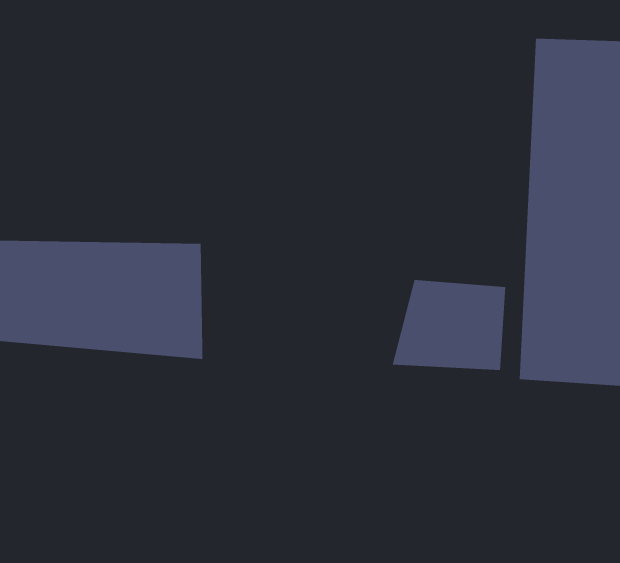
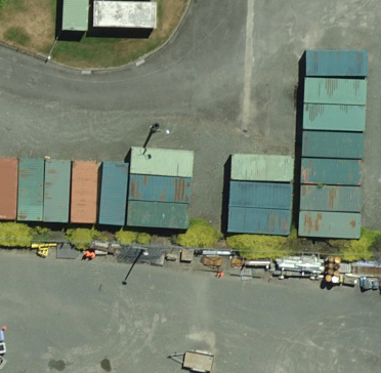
building: none -> [119,148,192,227]

